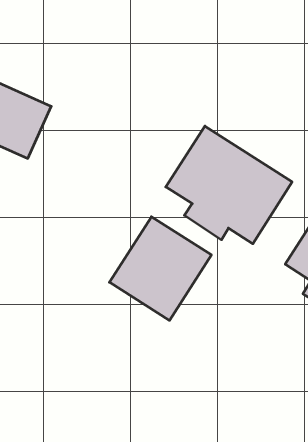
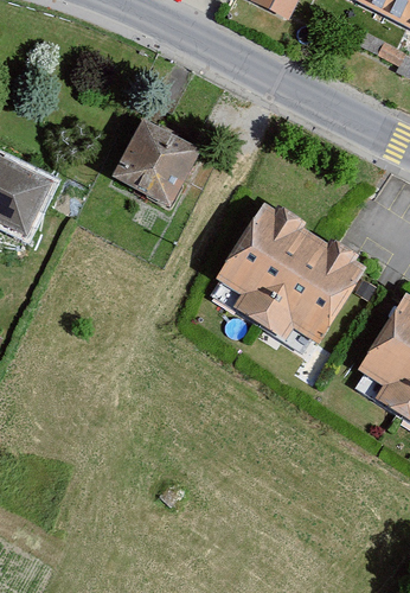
building: none -> [107,114,199,206]
building: [109,217,211,320] -> none

